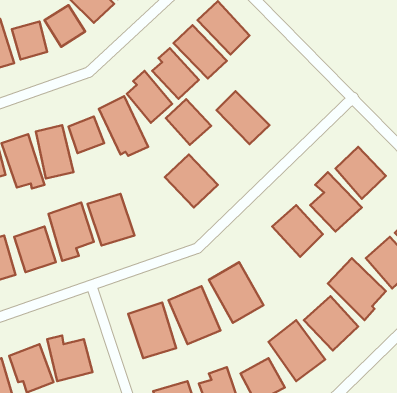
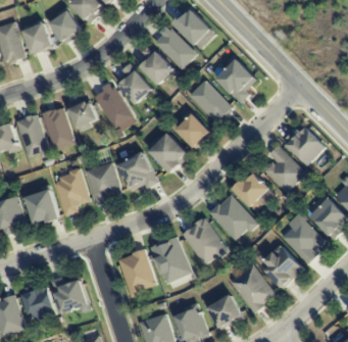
building: none -> [216,58,257,104]
building: [166,99,211,145] -> [173,111,210,148]
building: none -> [116,151,157,192]
building: none -> [208,194,256,242]

